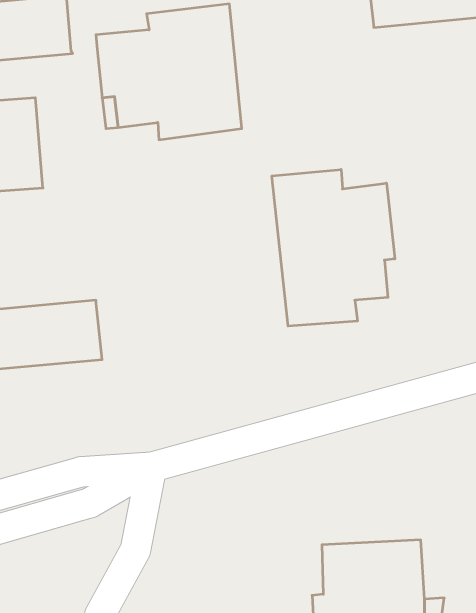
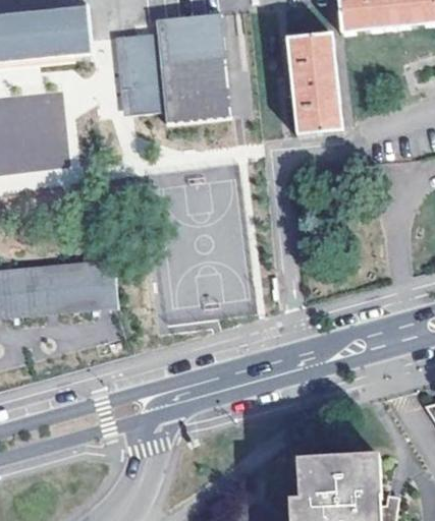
building: none -> [282,34,341,136]
building: [272,169,395,326] -> none

